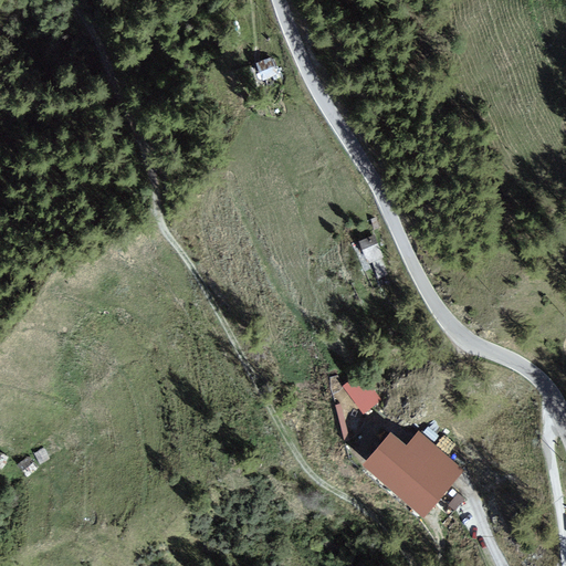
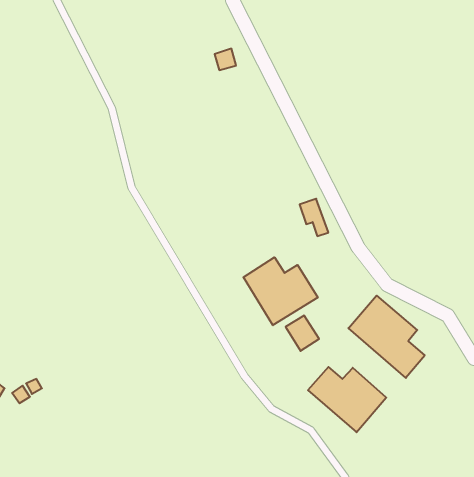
building: none -> [243,257,318,325]
building: none -> [348,296,425,378]

